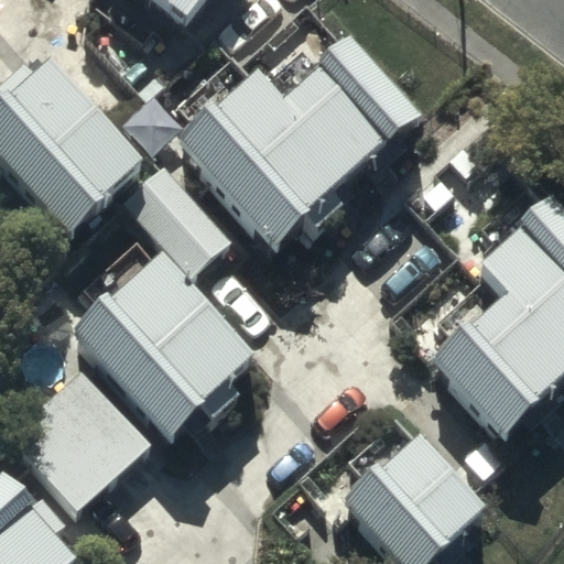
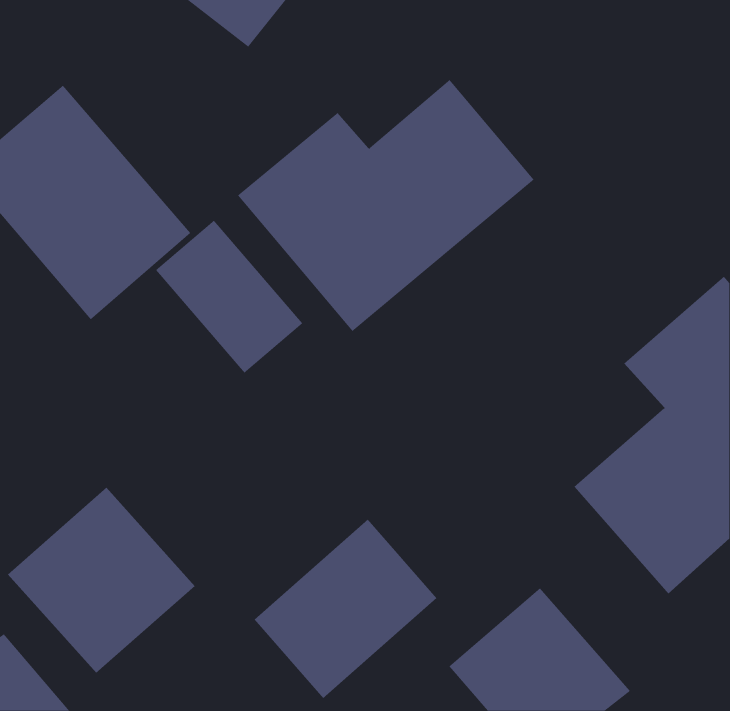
building: [80,279,257,458] -> none
building: none -> [254,519,437,699]

